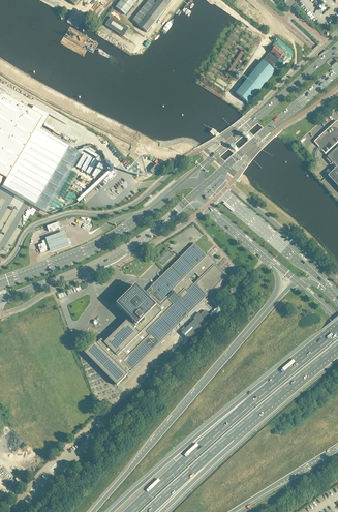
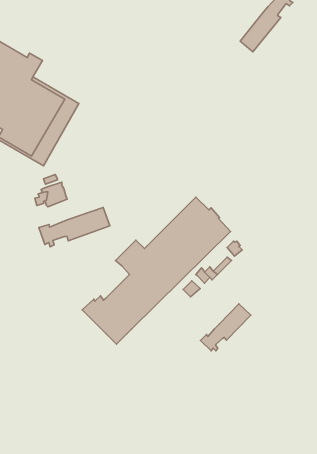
building: none -> [39,207,110,247]
building: none -> [200,304,251,351]

